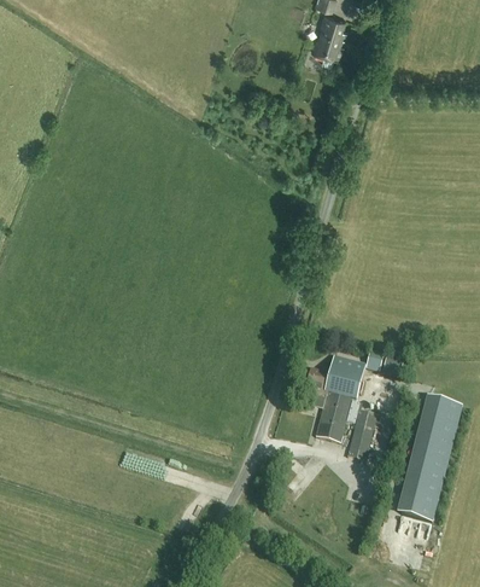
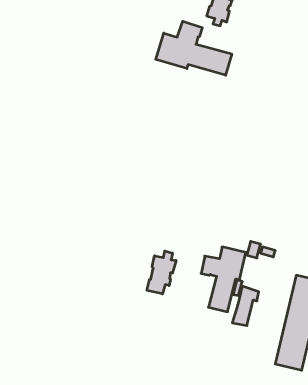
building: none -> [156,21,232,75]
building: none -> [147,251,176,294]

